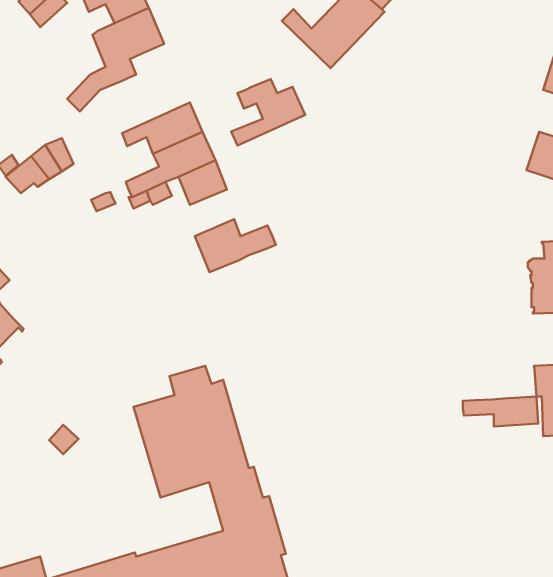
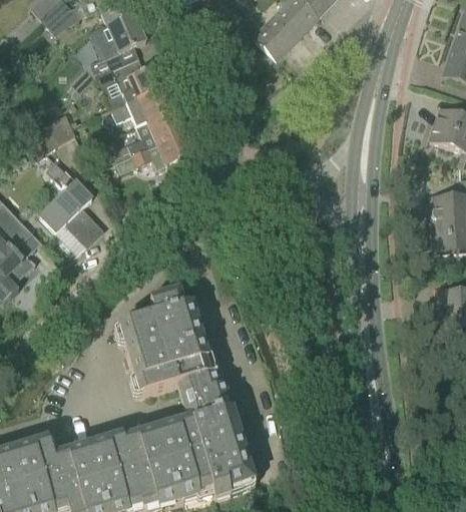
building: [231,79,305,146] -> [109,57,167,109]
building: none -> [41,159,104,244]
building: [195,219,276,272] -> none
building: [463,397,538,427] -> none

